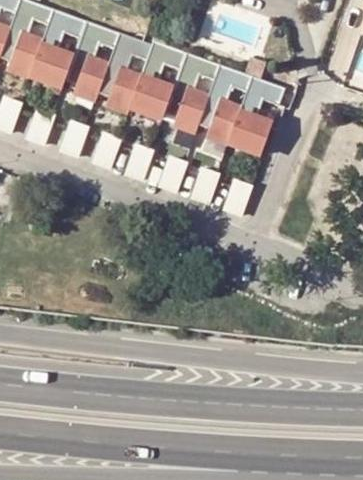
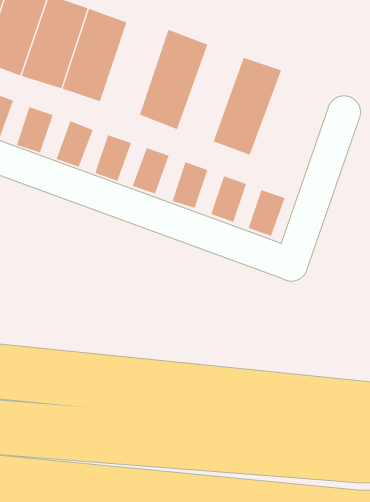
building: [97,34,153,113] -> none
building: [163,53,219,136] -> none
building: [225,75,287,161] -> none

